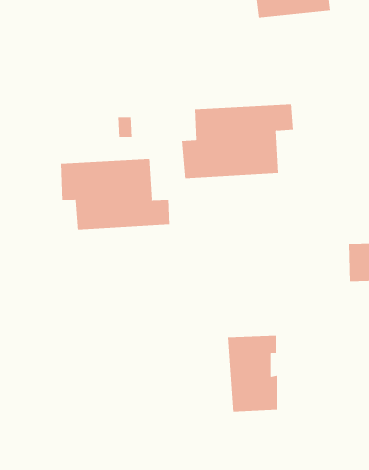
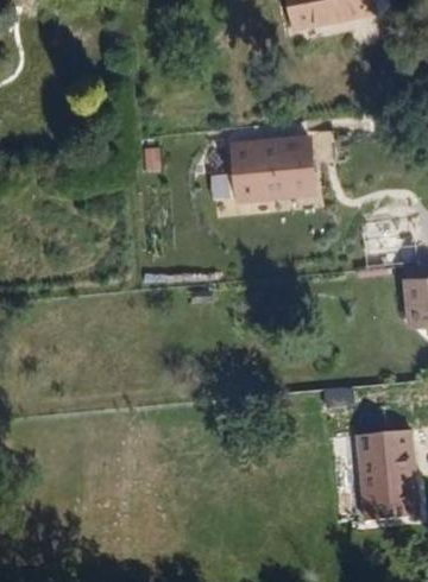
building: [61,158,170,230] -> none
building: [227,335,278,412] -> [355,430,411,514]

